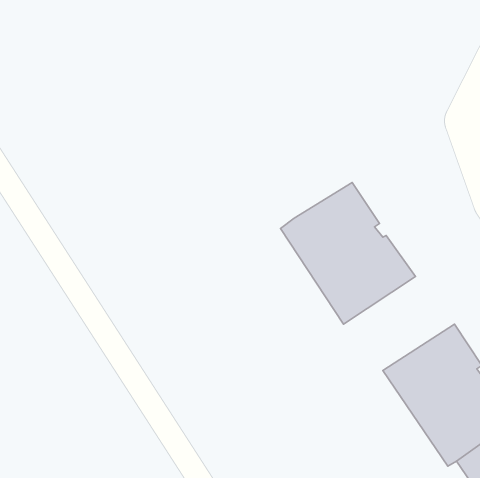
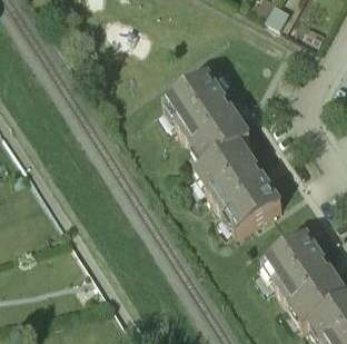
building: none -> [165,76,252,167]

